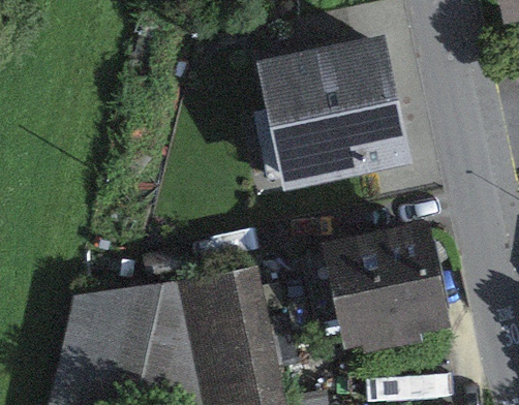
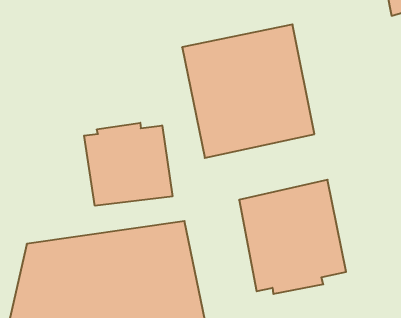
building: none -> [84,123,172,206]

